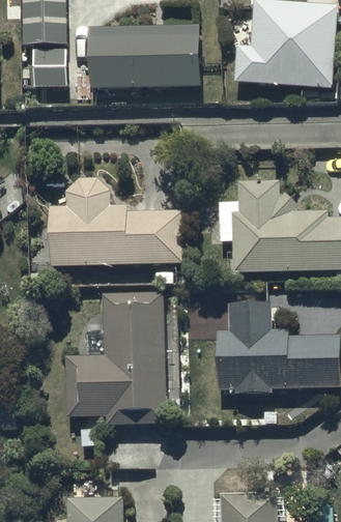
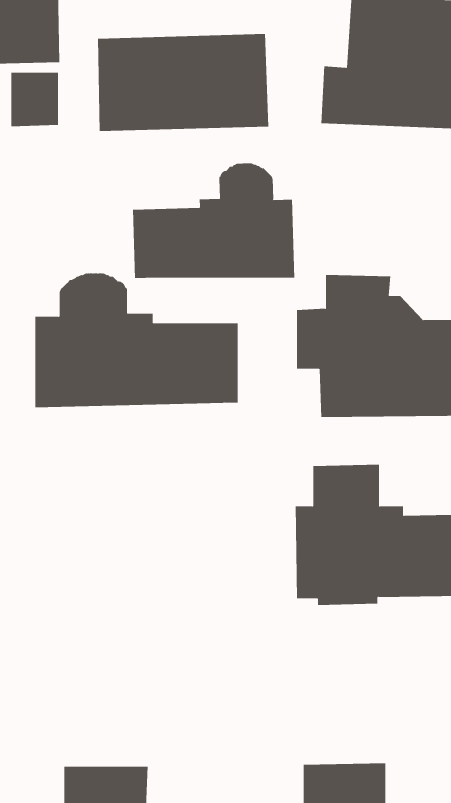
building: none -> [133,162,295,279]
building: [64,291,179,444] -> none

